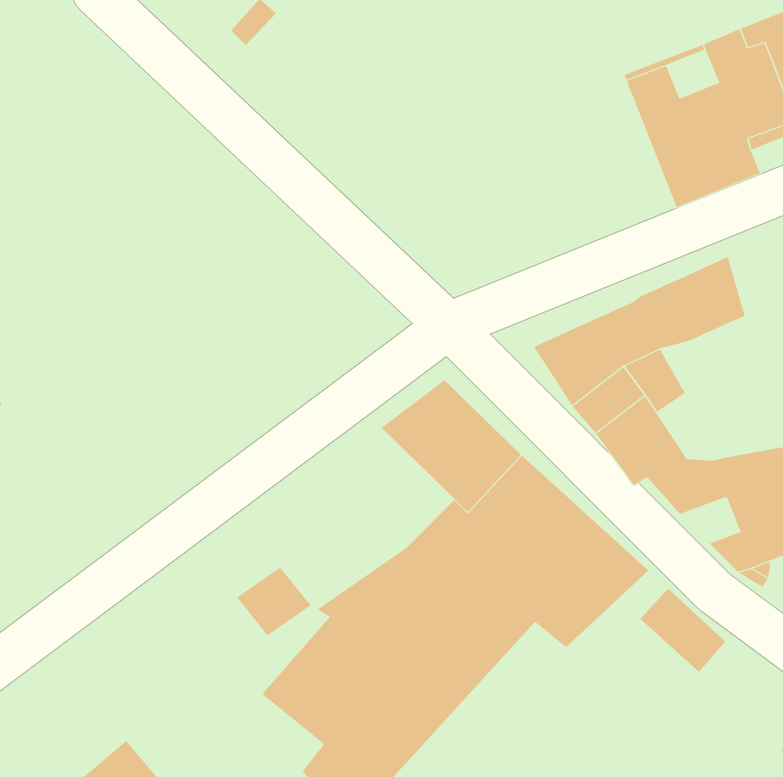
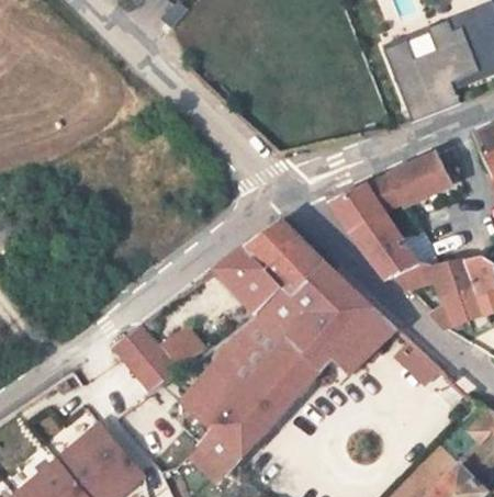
building: none -> [215,247,284,315]
building: none -> [110,324,179,389]

